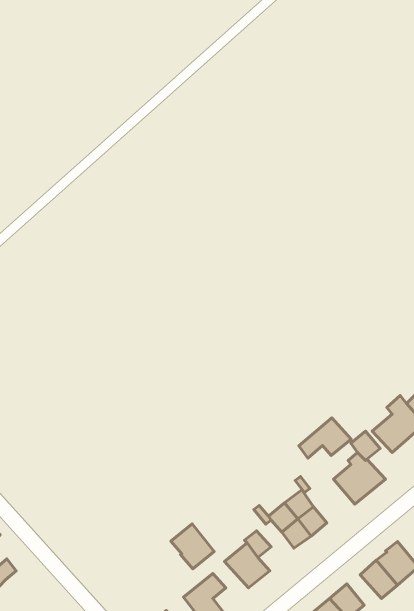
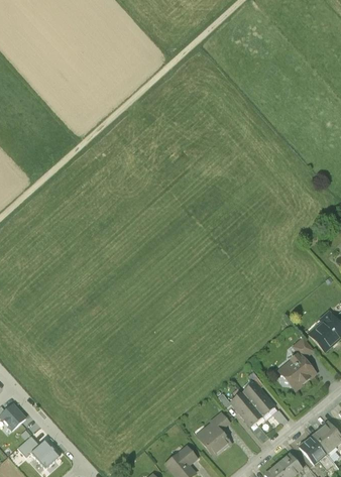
building: [299,418,351,458] -> none
building: [171,524,214,569] -> none
building: none -> [30,438,60,467]

